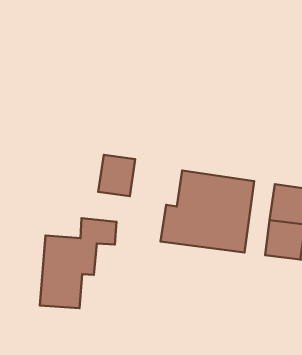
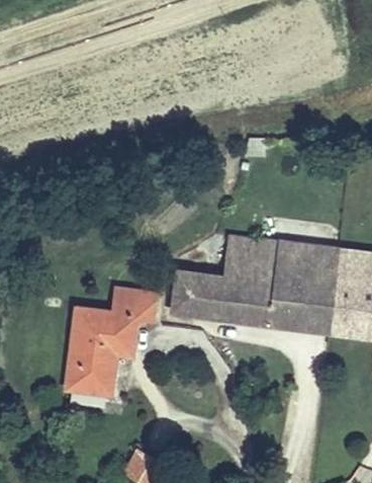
building: [98,155,135,196] -> [160,269,201,316]
building: none -> [289,248,323,331]

